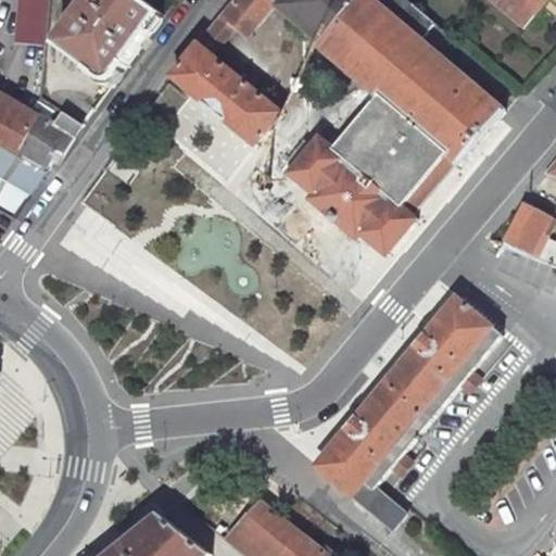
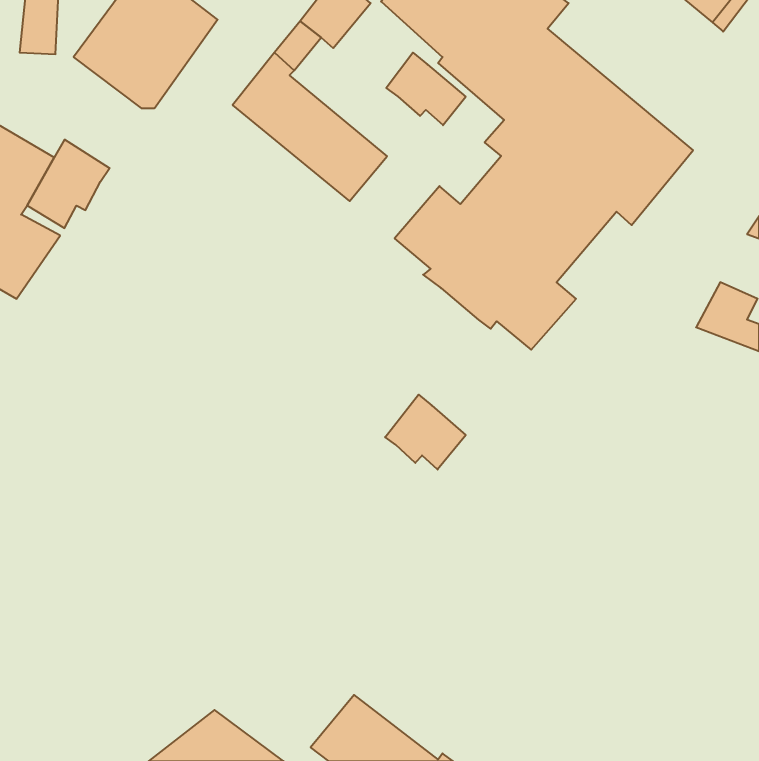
building: none -> [386,53,466,125]
building: none -> [385,395,466,470]
building: [313,295,498,526] -> none

